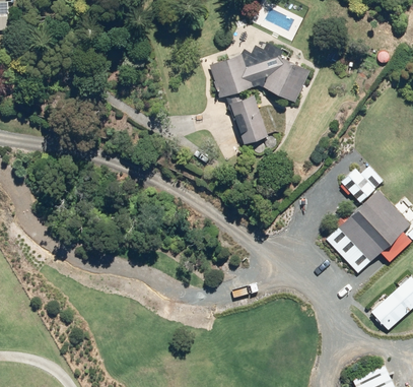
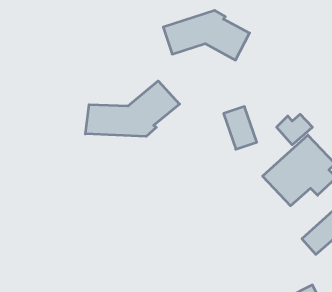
building: [229,94,268,144] -> [224,107,257,149]
building: none -> [85,81,180,136]

